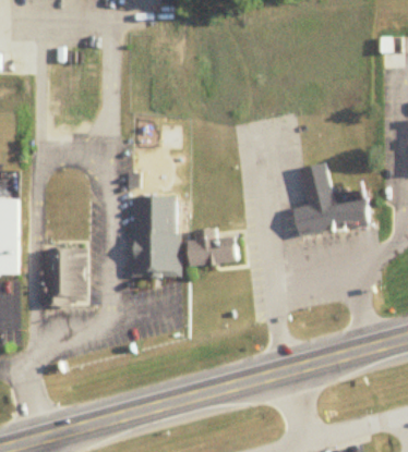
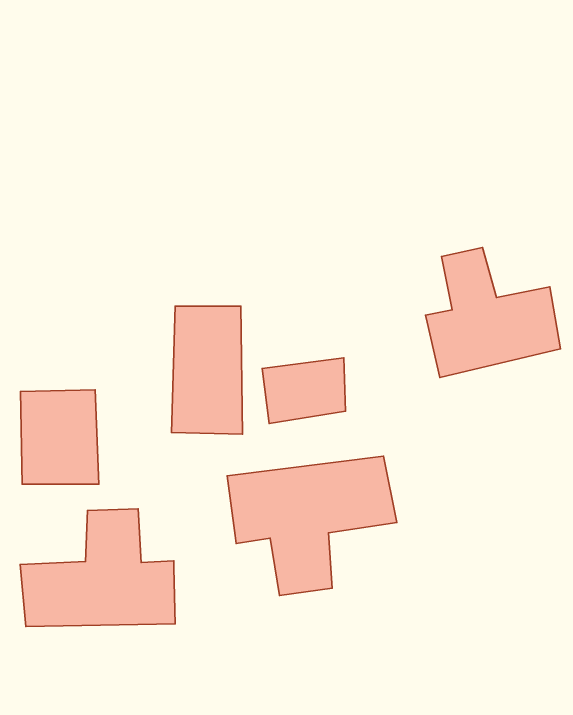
building: none -> [227,456,397,595]
building: none -> [20,509,175,626]

